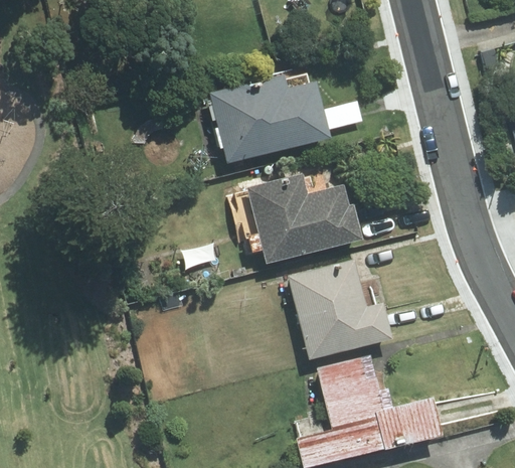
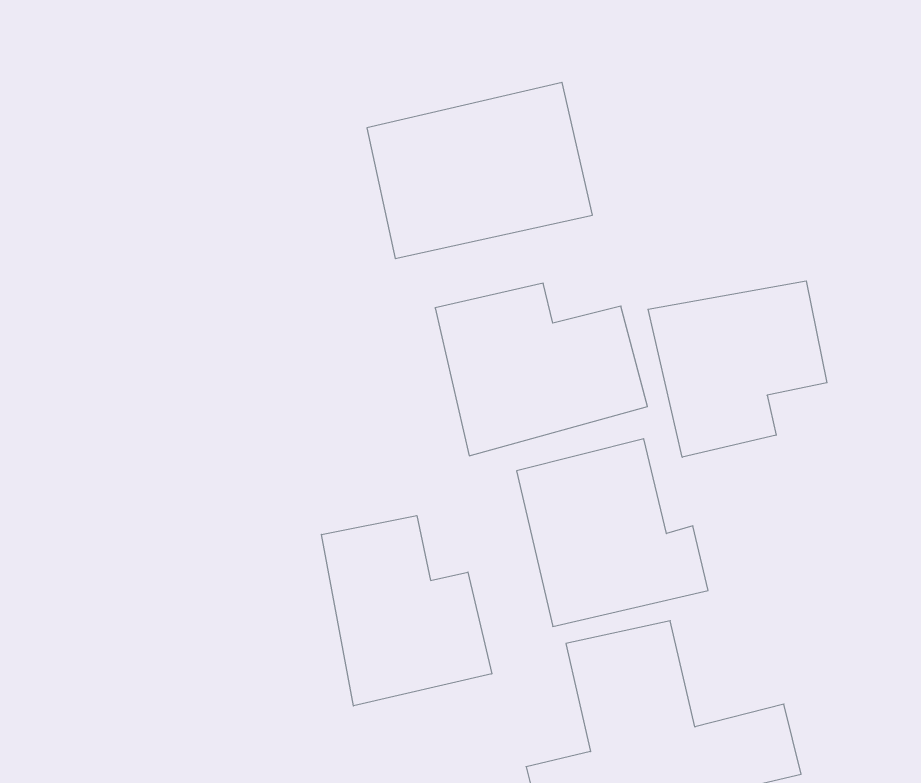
building: none -> [648,281,827,457]
building: none -> [321,516,492,706]

